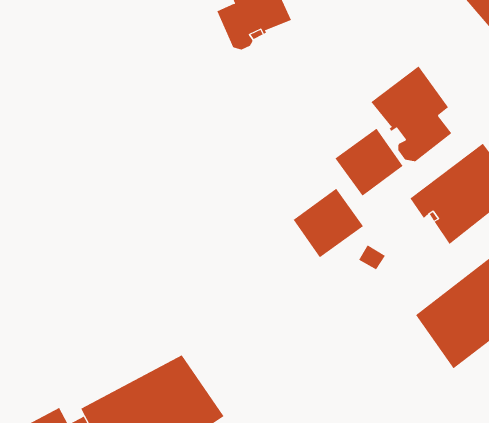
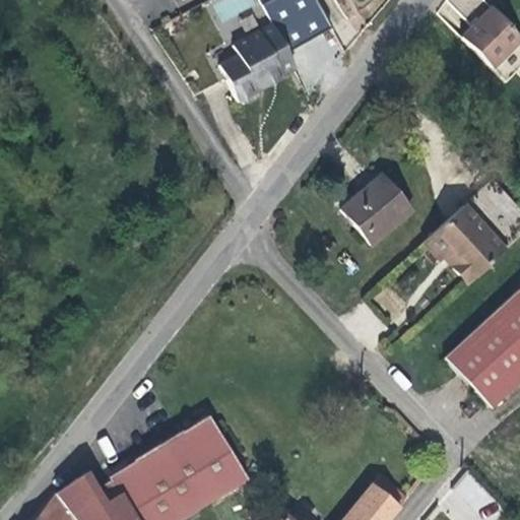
building: [370,65,452,162] -> none
building: [293,188,364,258] -> none

